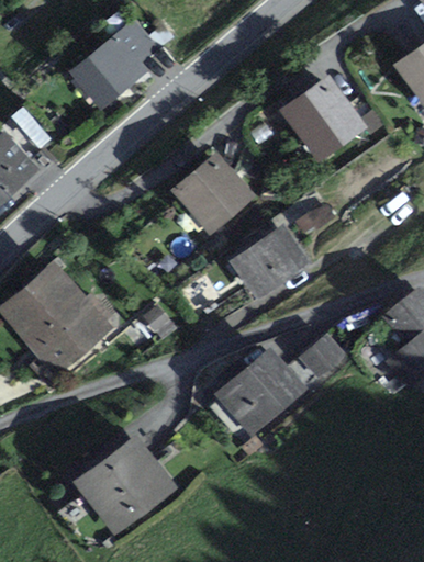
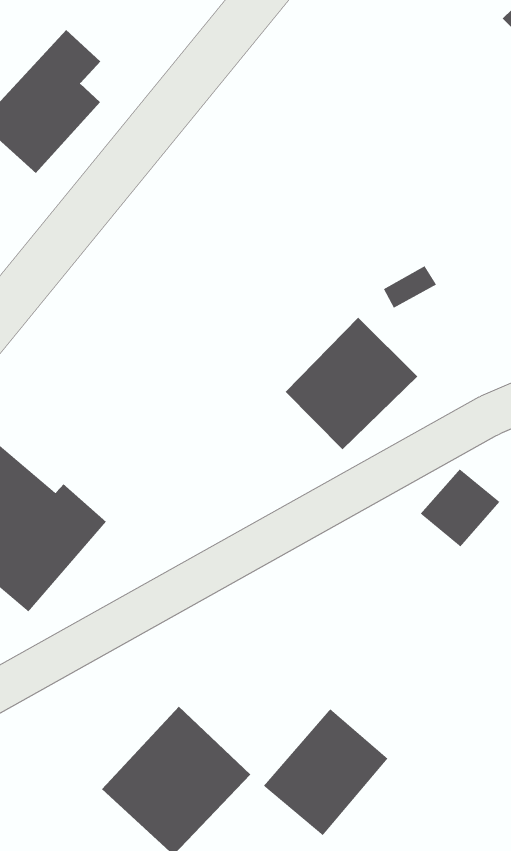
building: [283,80,358,155] -> none
building: [174,155,248,231] -> none
building: [219,353,297,429] -> [263,708,389,836]

